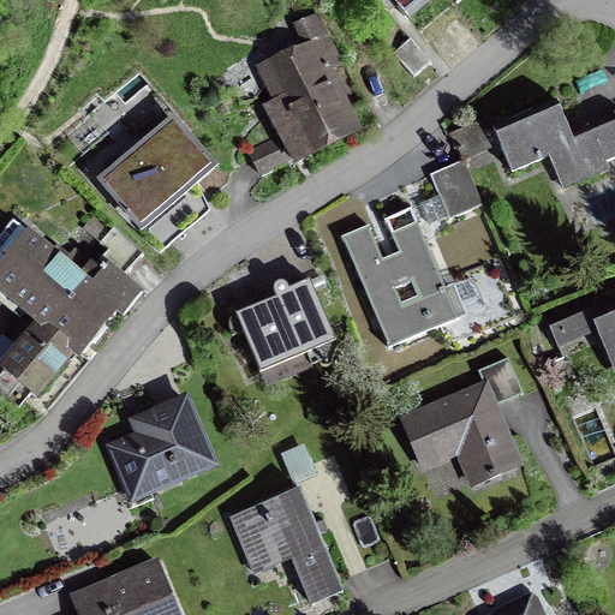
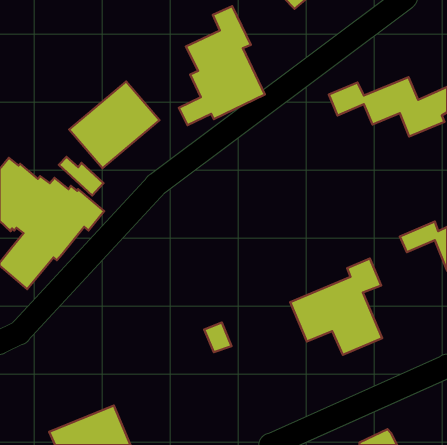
building: [418,157,482,222] -> none
building: [340,204,480,345] -> none
building: [228,276,335,386] -> none
building: [105,390,219,503] -> none
building: [228,485,342,604] -> none

